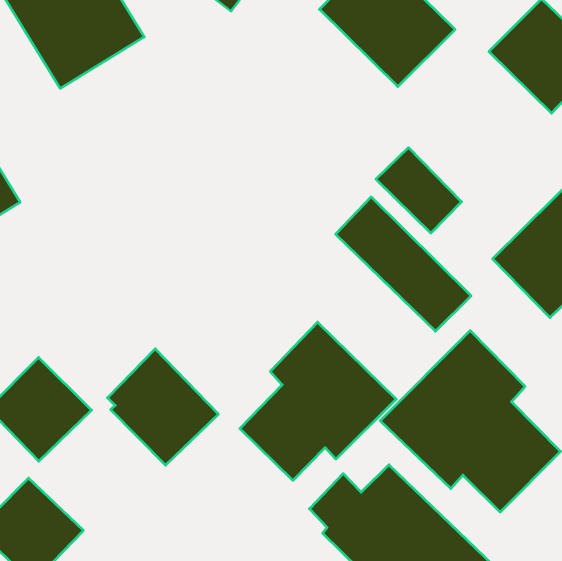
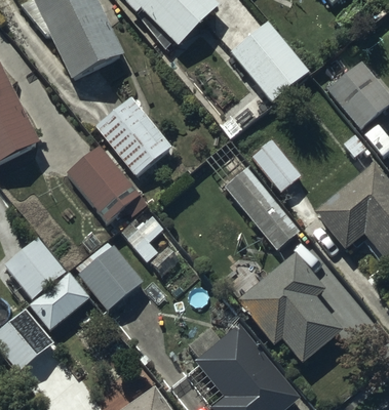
building: none -> [95,95,172,175]
building: none -> [67,145,147,221]
building: [240,322,396,480] -> none
building: none -> [29,272,90,330]

